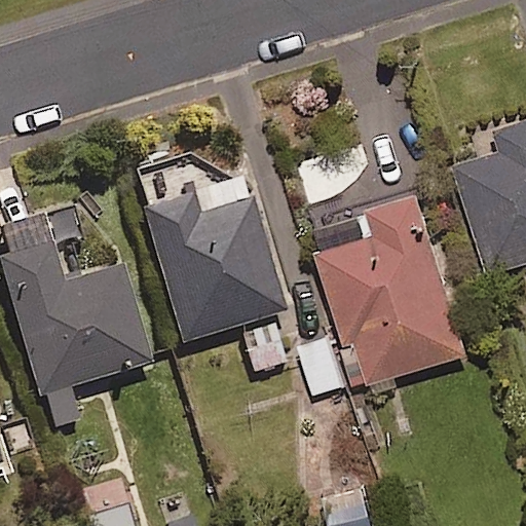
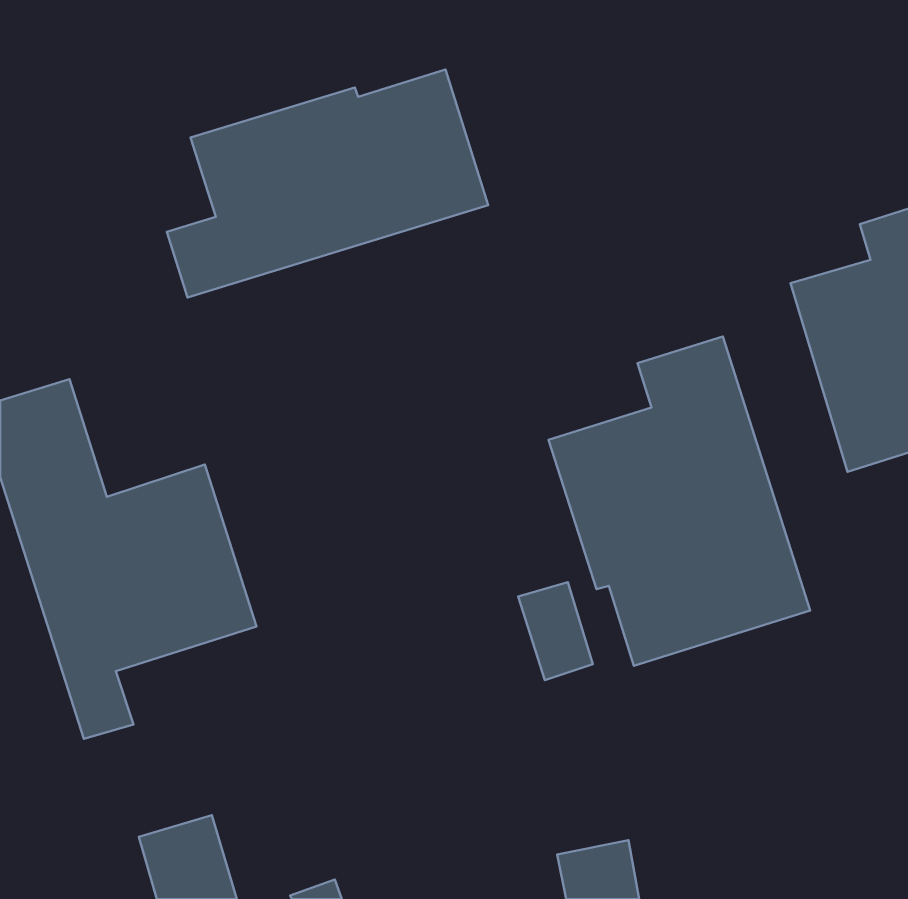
building: none -> [167,70,488,297]
building: [142,179,286,343] -> none

